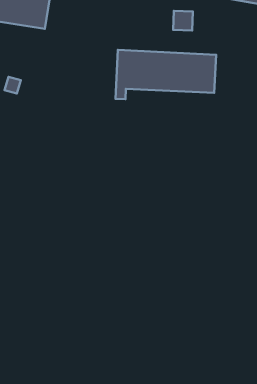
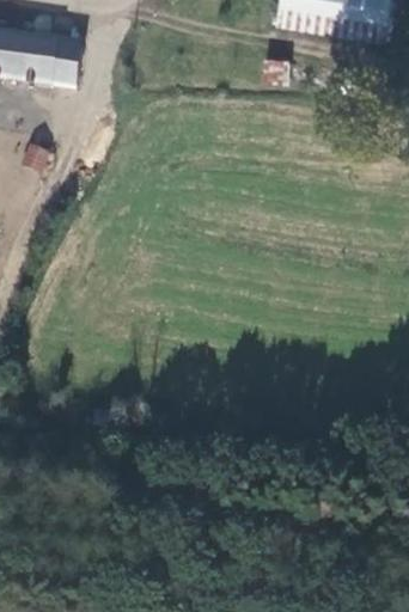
building: [116,50,216,99] -> none

